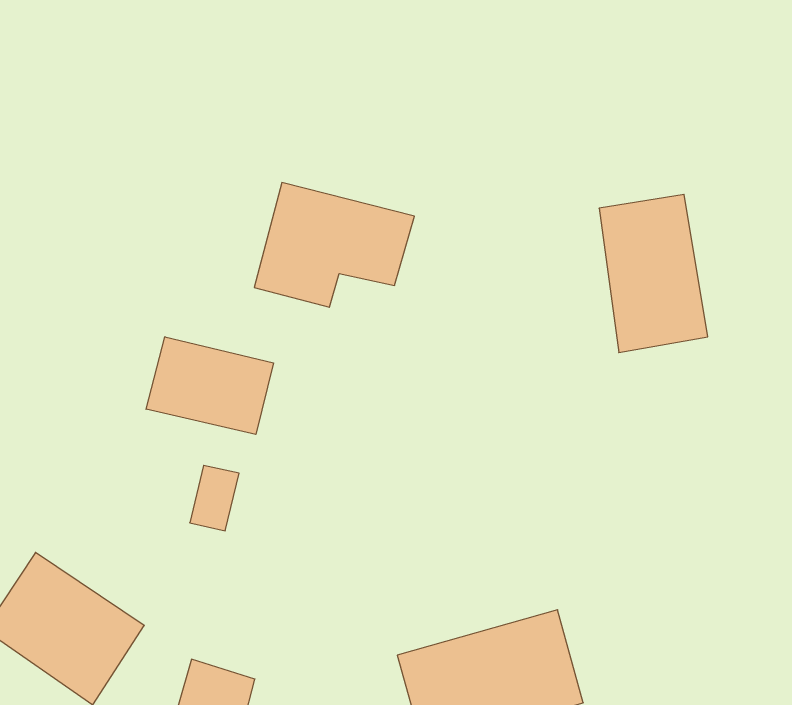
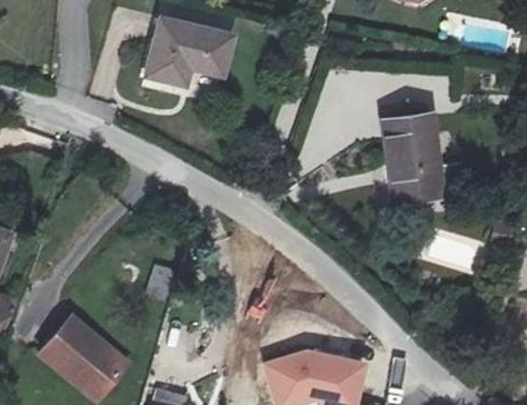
building: [254,183,414,307] -> [143,13,233,83]
building: [146,337,273,434] -> none

